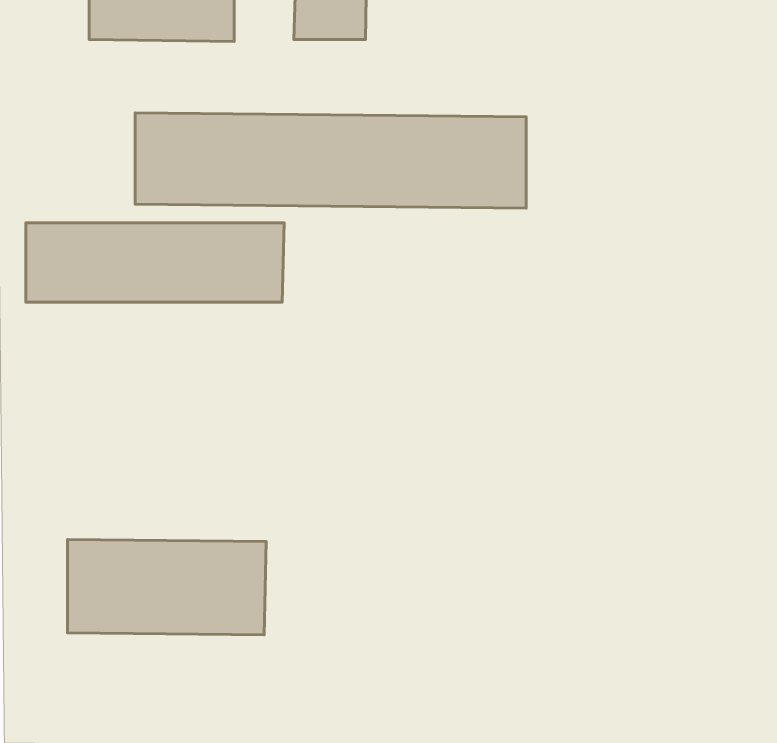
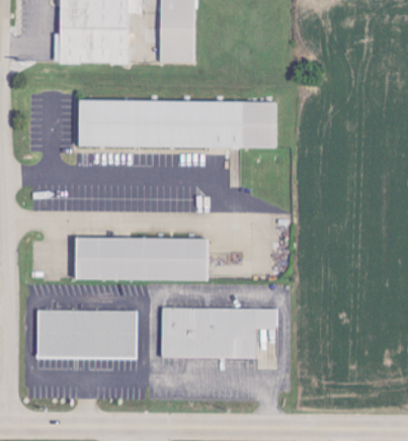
building: [26,223,284,302] -> [83,243,215,283]
building: none -> [161,308,276,357]

